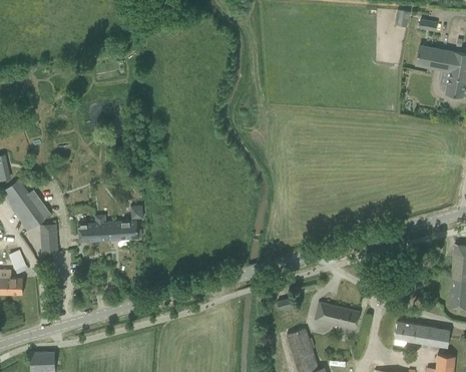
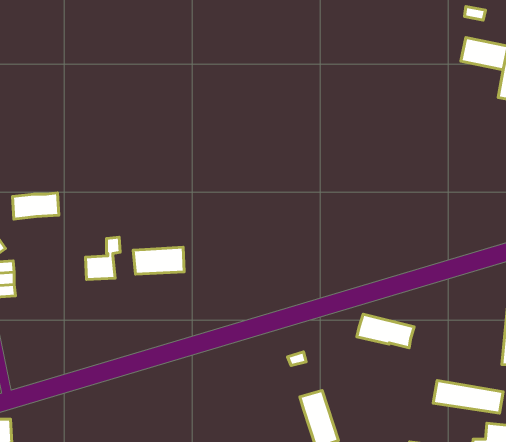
building: none -> [133,247,184,274]
building: [78,222,115,243] -> [13,193,59,219]
building: [314,302,360,329] -> [357,314,414,348]

